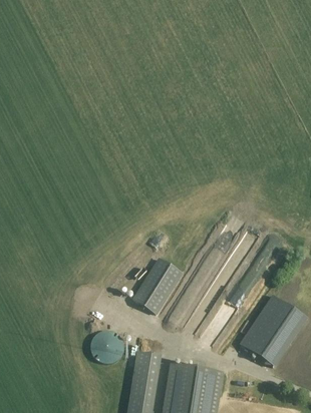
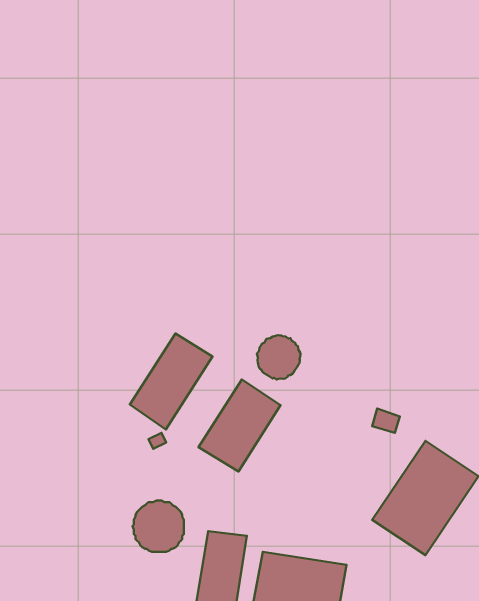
building: none -> [130,334,213,429]
building: none -> [257,335,300,379]

